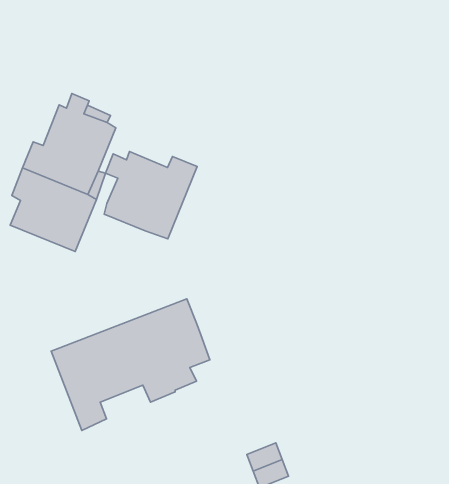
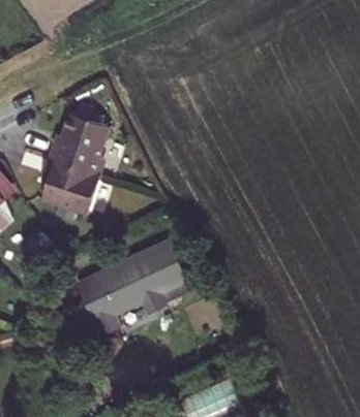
building: [104,151,197,239] -> none

